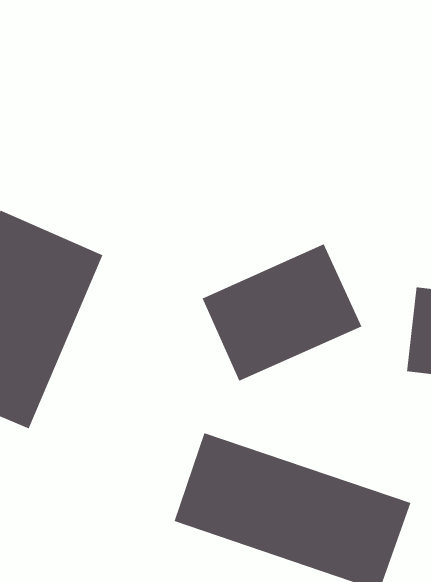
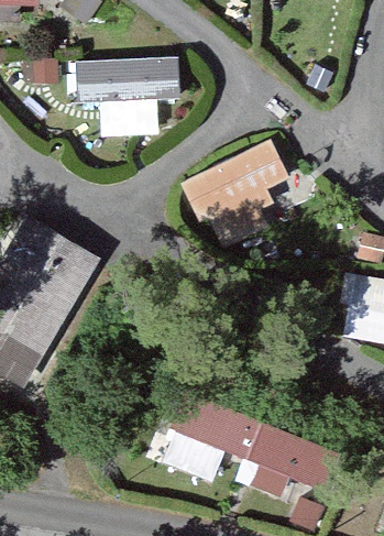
building: none -> [73,58,180,135]
building: [202,243,363,382] -> [180,138,309,249]

